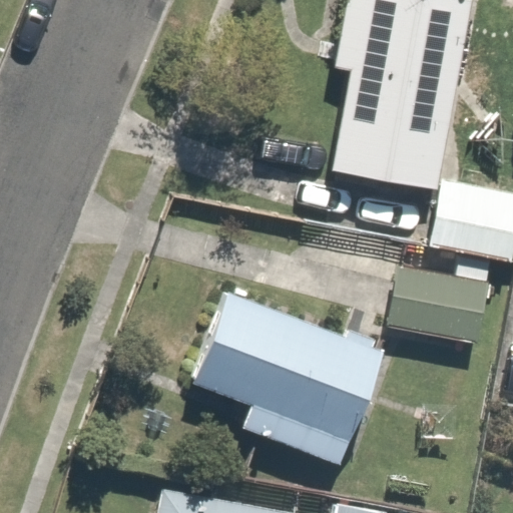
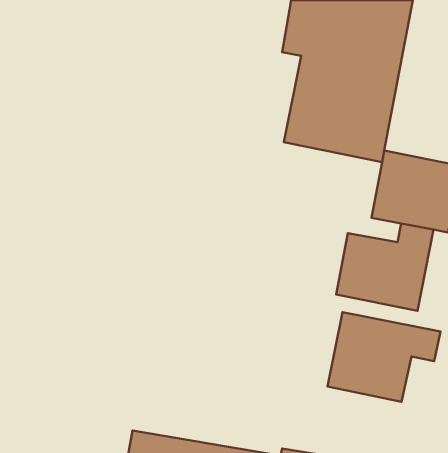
building: [193,292,387,468] -> none
building: none -> [328,312,440,402]

